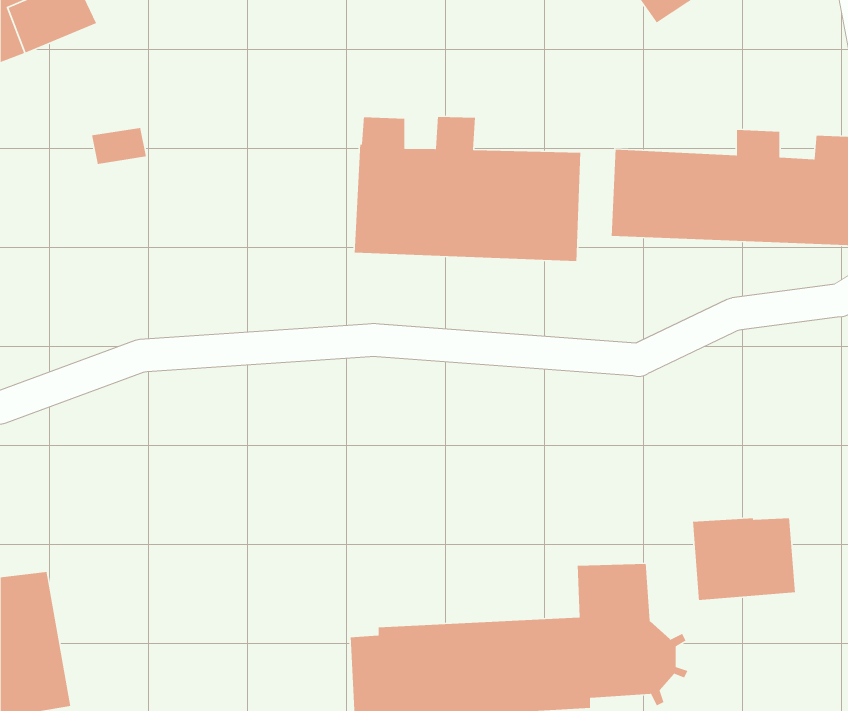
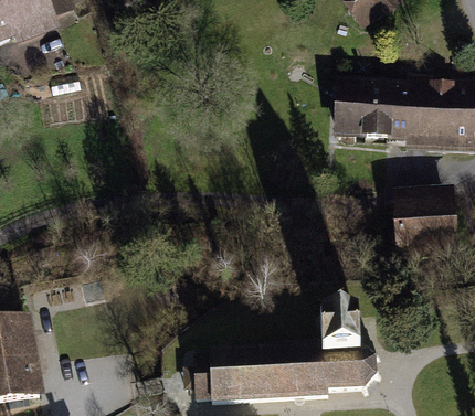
building: [354,116,581,262] -> none
building: [692,517,796,601] -> [394,202,452,248]

